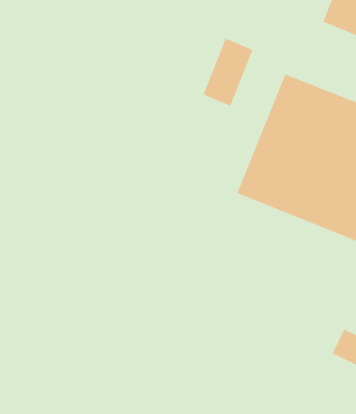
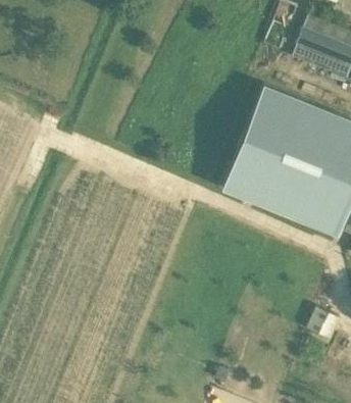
building: [203,38,253,106] -> none

